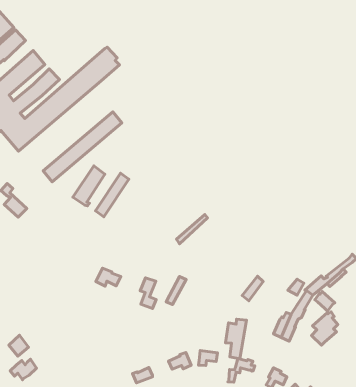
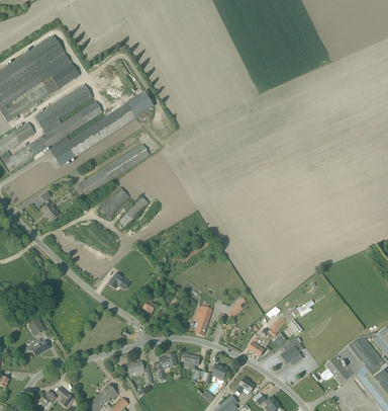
building: [225,319,247,359] -> [192,303,212,336]

